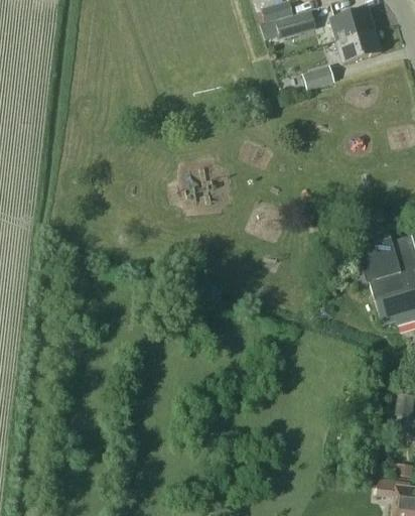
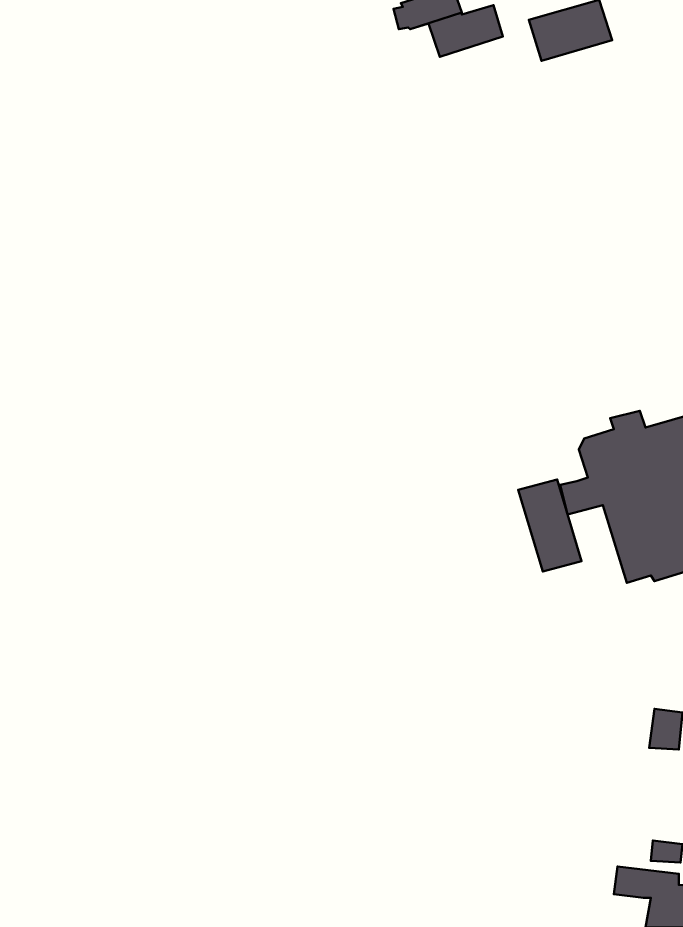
building: [336,29,382,63] -> none
building: [301,63,333,89] -> none
building: none -> [518,480,582,572]

